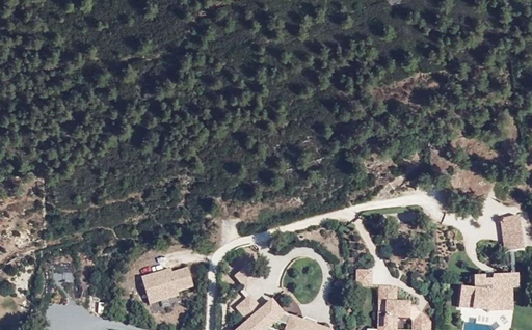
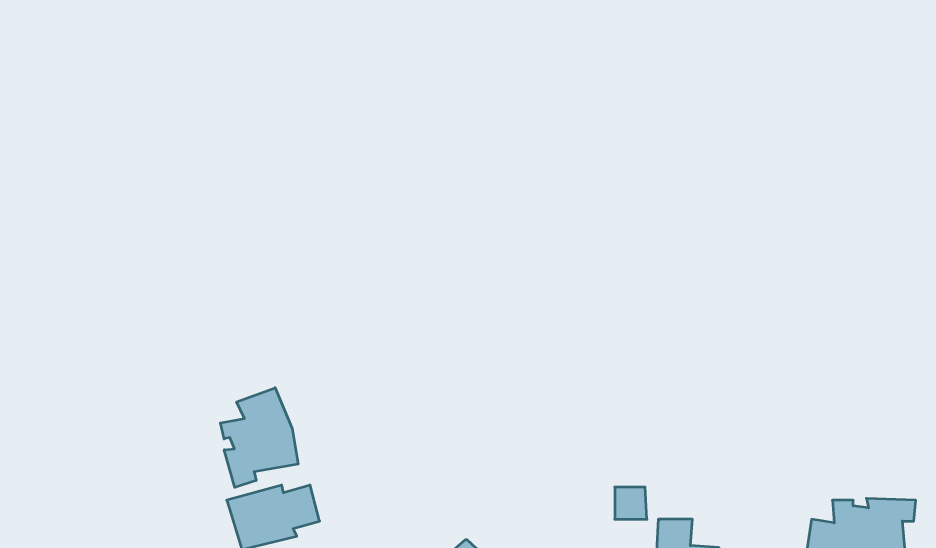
building: none -> [220,388,298,487]
building: [499,216,523,252] -> none

